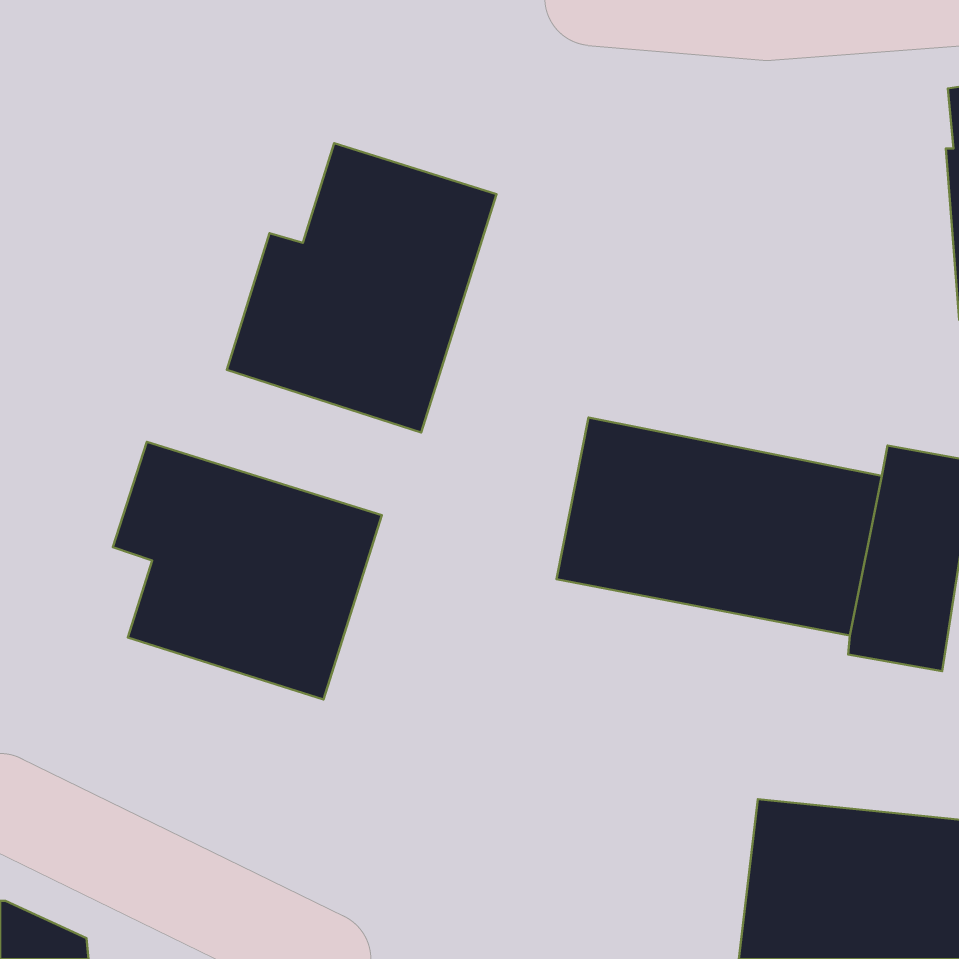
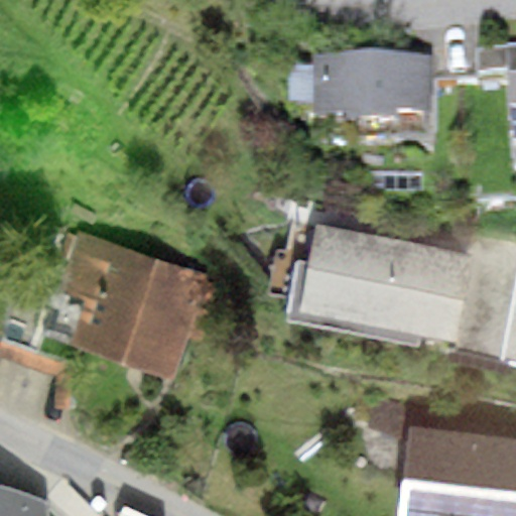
building: none -> [288,61,429,139]
building: [227,143,496,432] -> none

